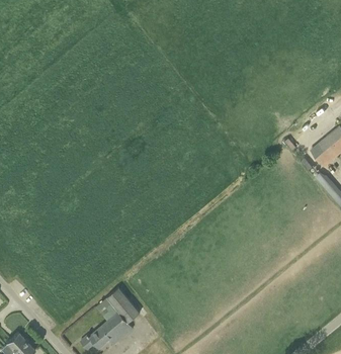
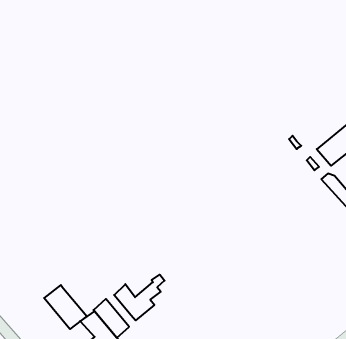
building: none -> [114,275,165,320]
building: none -> [44,285,87,329]

